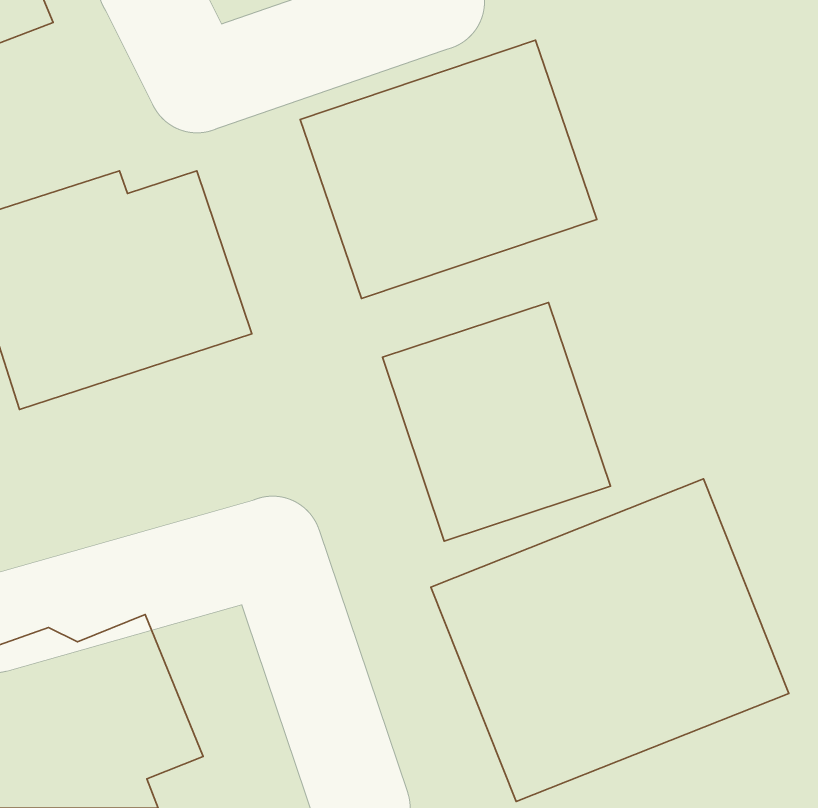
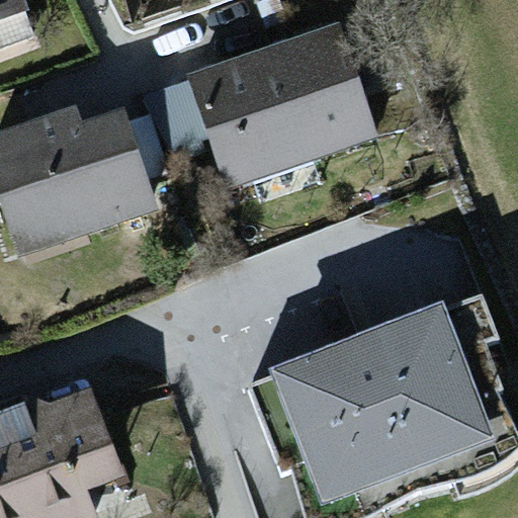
building: [382,302,610,541] -> none

